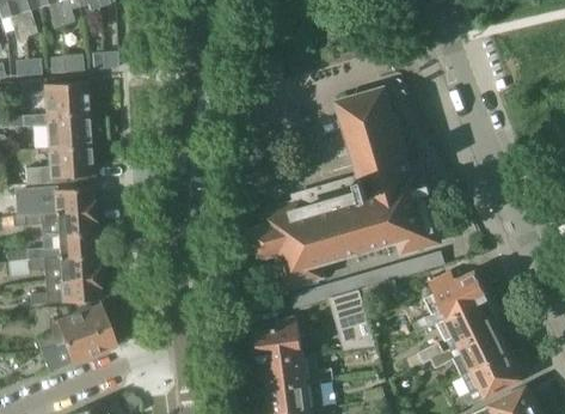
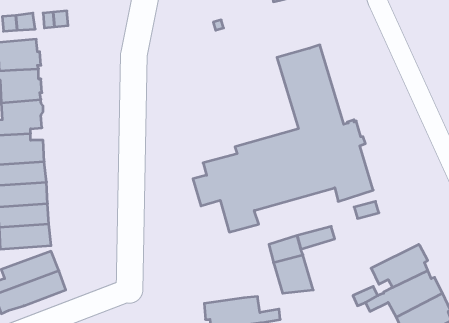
building: [412,270,490,333] -> none
building: [253,319,303,360] -> none

